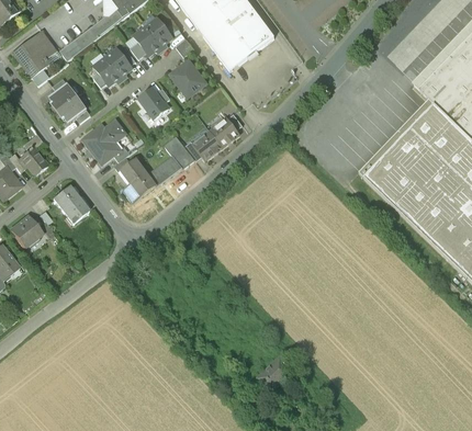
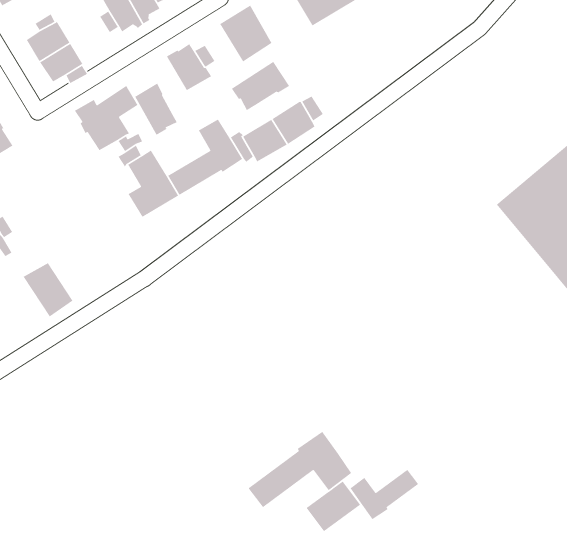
building: none -> [231,61,290,111]
building: none -> [134,83,178,136]
building: [54,186,88,222] -> [23,262,74,317]
building: none -> [247,431,352,508]
building: none -> [350,469,419,520]

